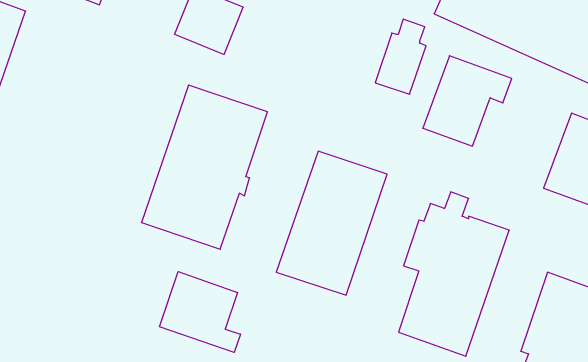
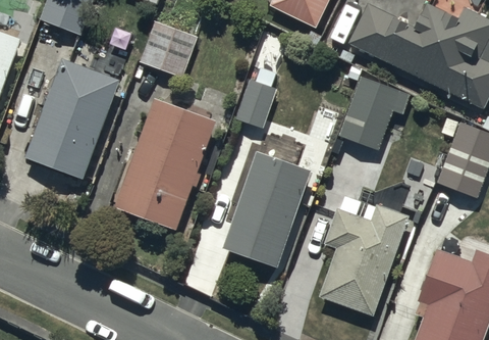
building: [375,19,426,94] -> [235,66,276,127]
building: none -> [25,57,120,179]
building: [159,272,241,352] -> none

